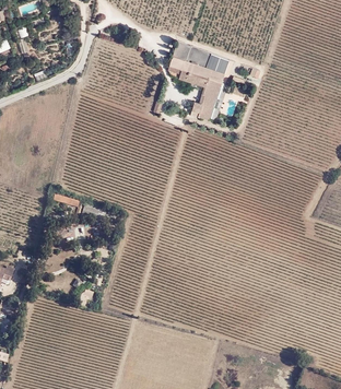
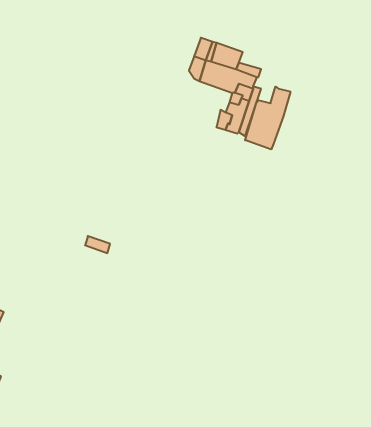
building: none -> [245,87,290,149]

